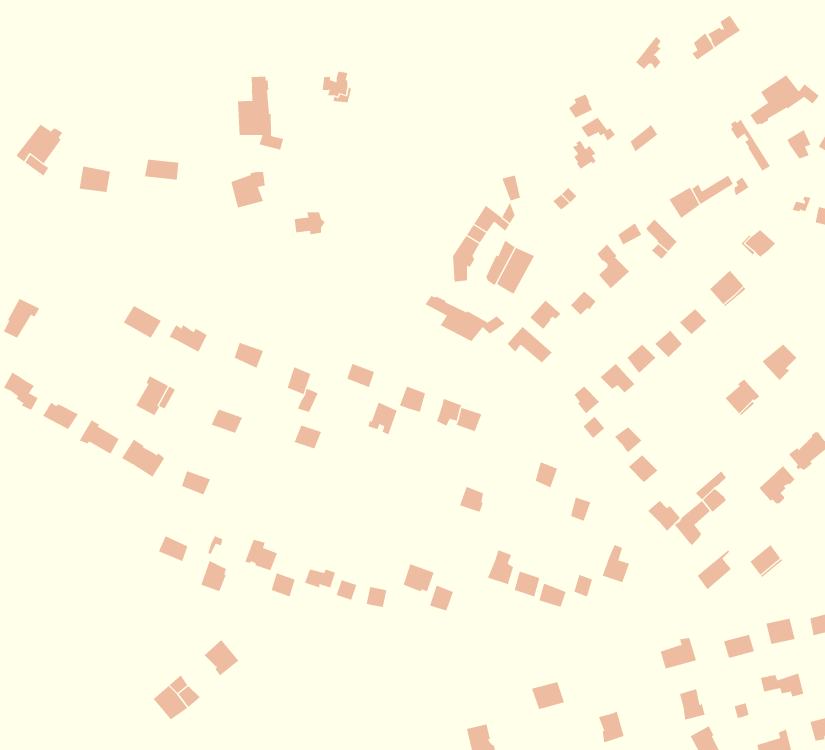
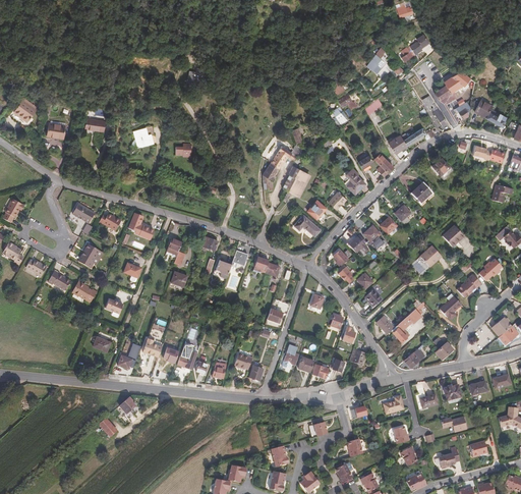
building: [238,76,284,151] -> none
building: [425,295,505,342] -> none

